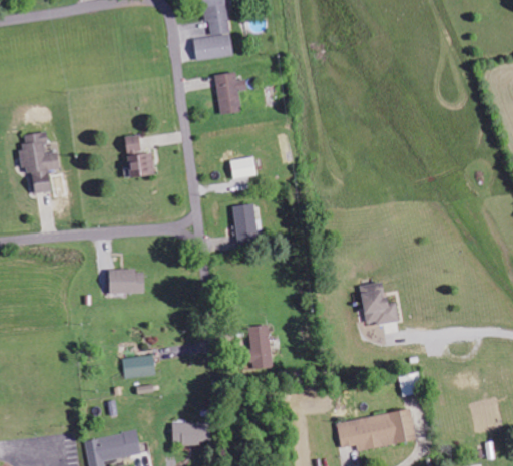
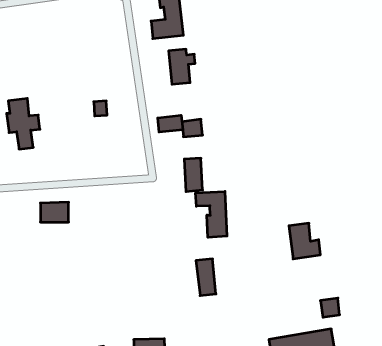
building: none -> [158,115,183,132]
building: [126,152,154,177] -> none
building: none -> [196,191,227,237]
building: [109,269,143,293] -> [40,202,69,222]
building: [122,355,154,377] -> none

